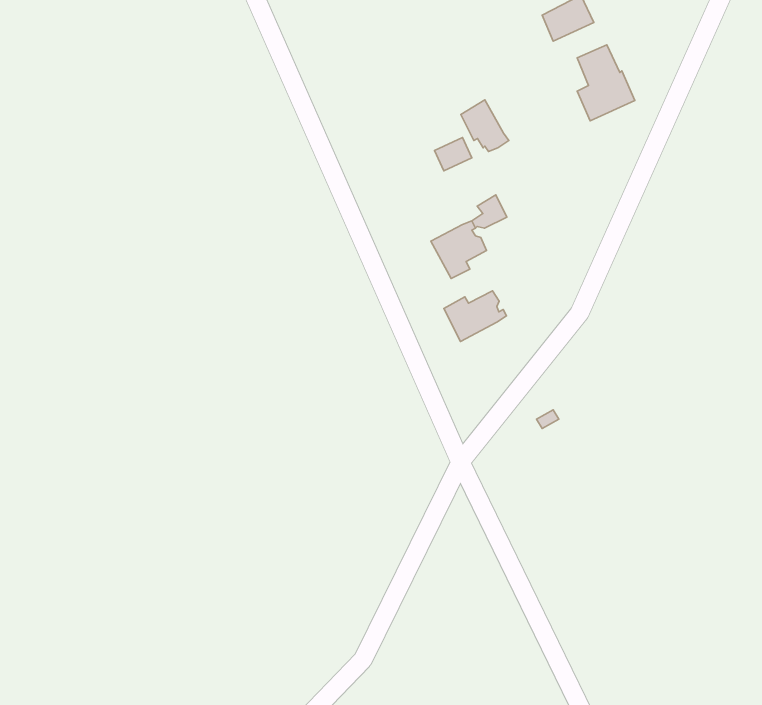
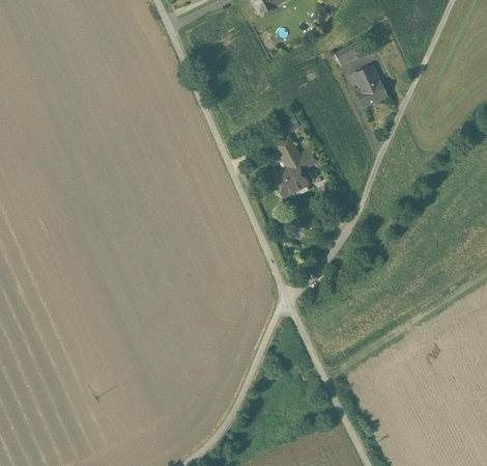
building: [461,100,509,152] -> [276,137,303,166]
building: [444,291,507,341] -> none

